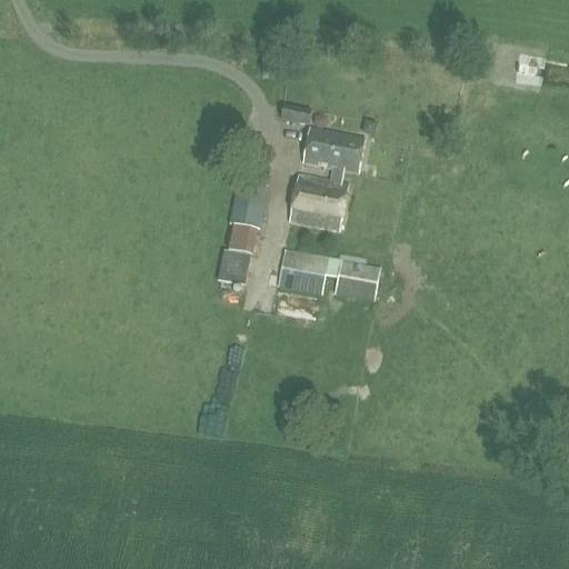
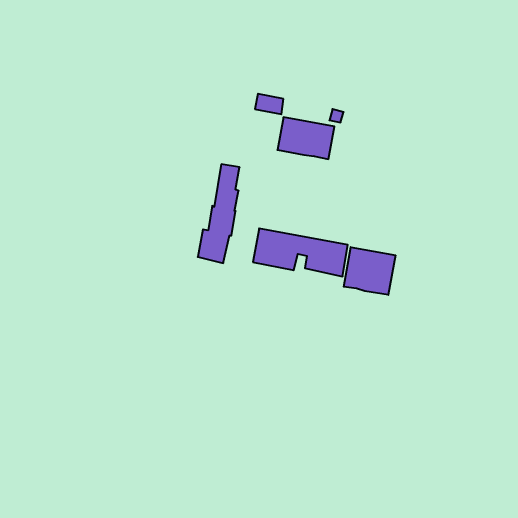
building: [289,169,347,231] -> none
building: none -> [344,247,395,295]

